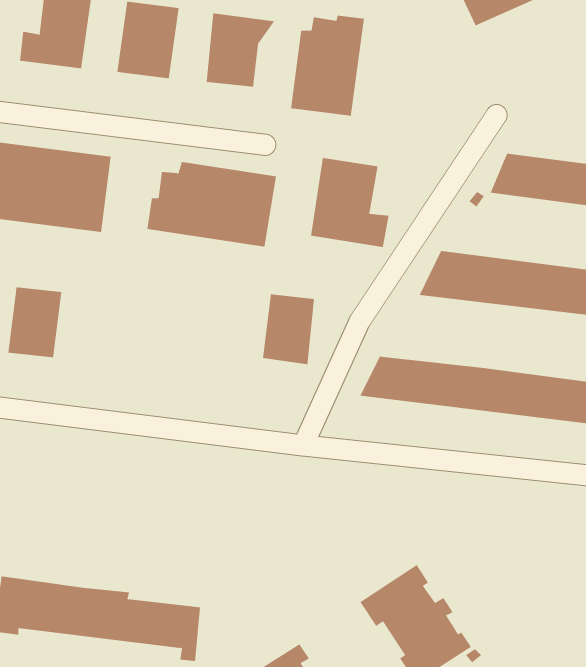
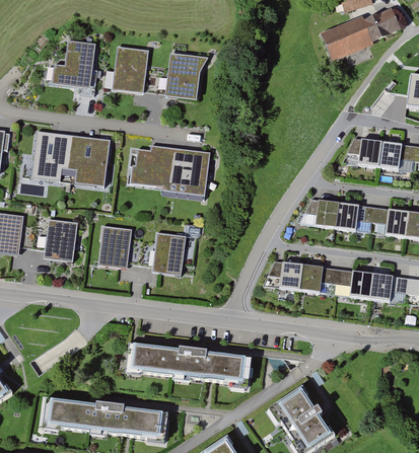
building: [290,15,364,116] -> none
building: [310,157,389,248] -> none
building: [262,294,315,365] -> [155,231,188,275]
building: none -> [100,224,134,268]
building: none -> [121,342,248,393]

